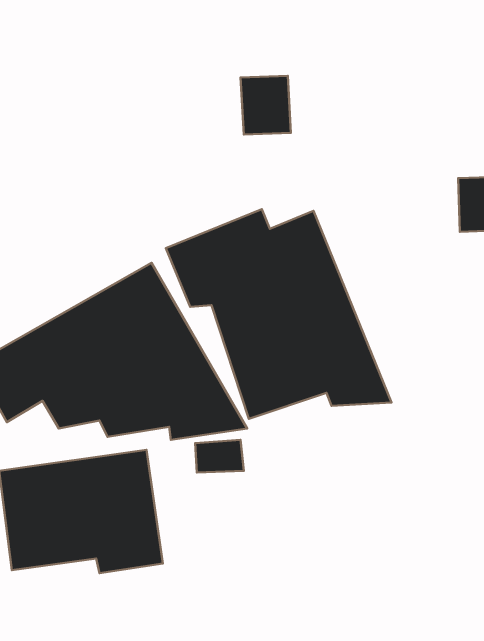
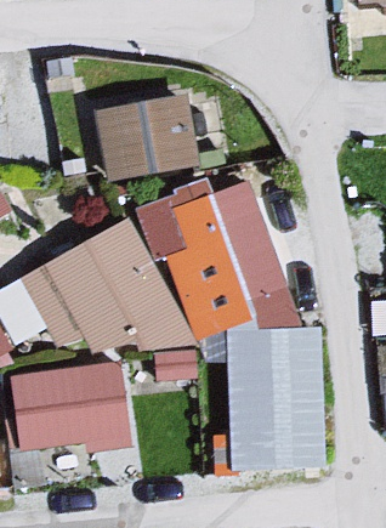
building: none -> [97,96,198,178]
building: none -> [231,330,325,471]

